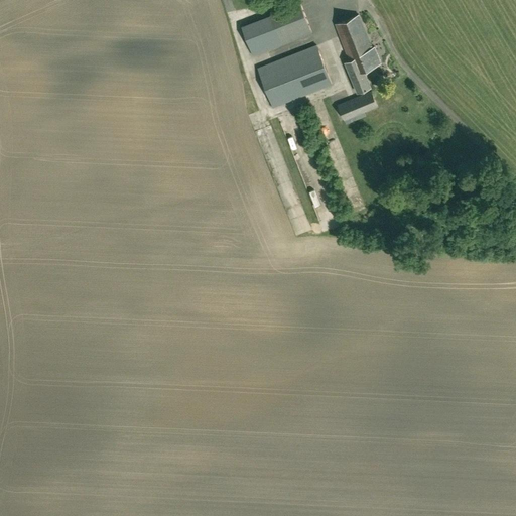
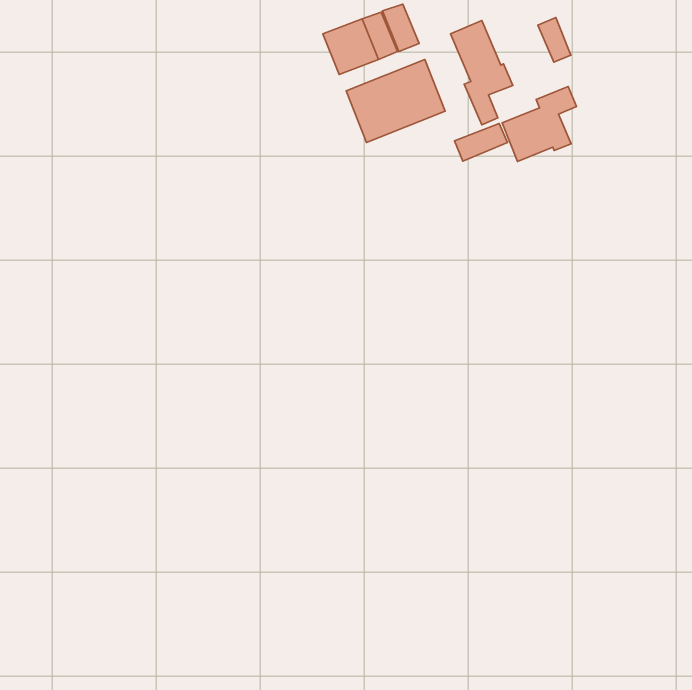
building: none -> [538,18,571,62]
building: none -> [502,87,577,162]

